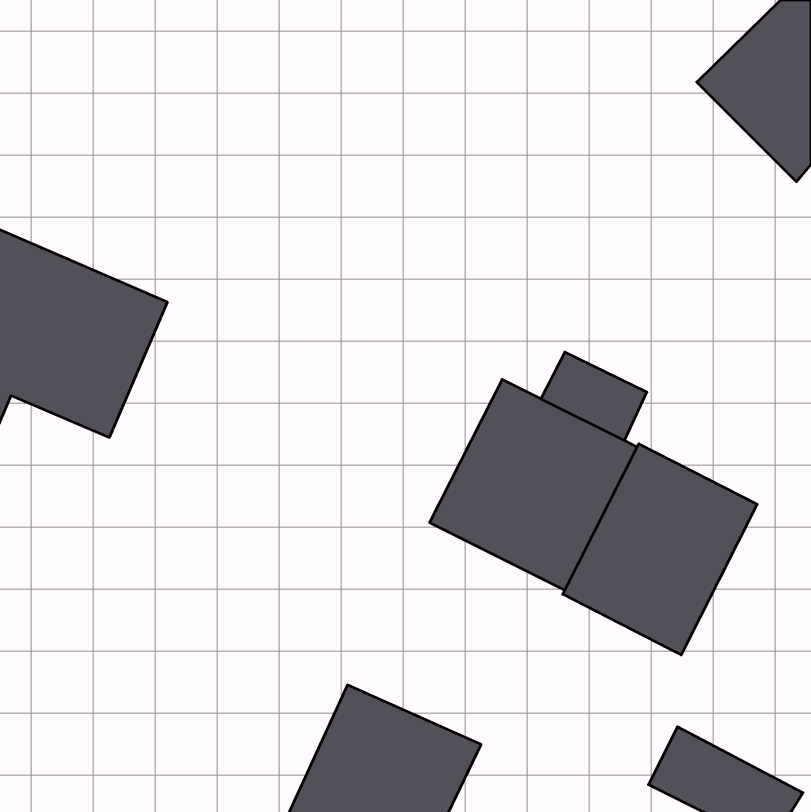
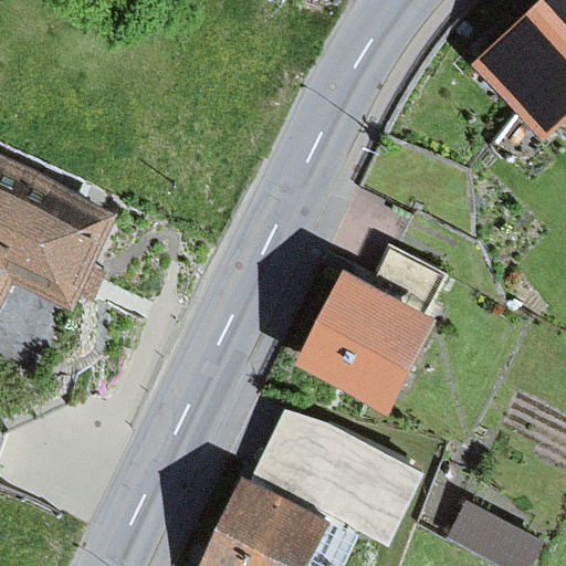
building: [563,444,757,655] -> none
building: none -> [249,410,421,543]

